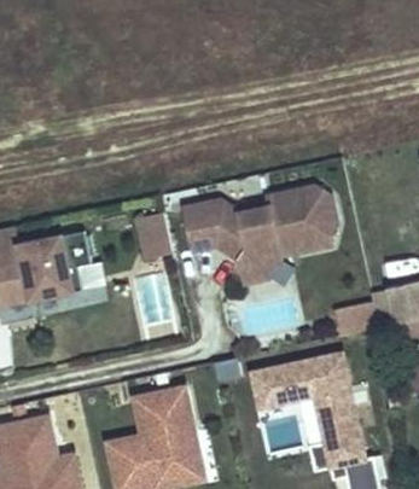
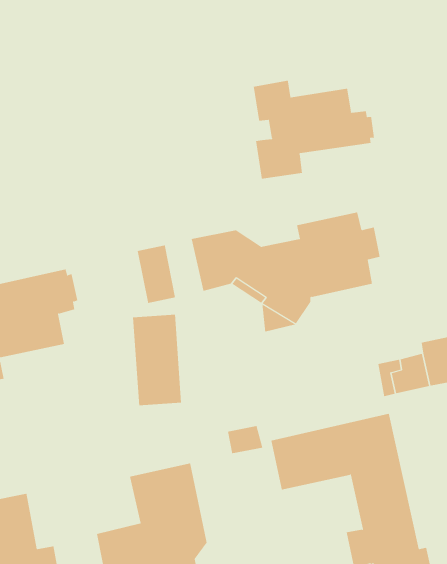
building: none -> [253,80,375,180]

